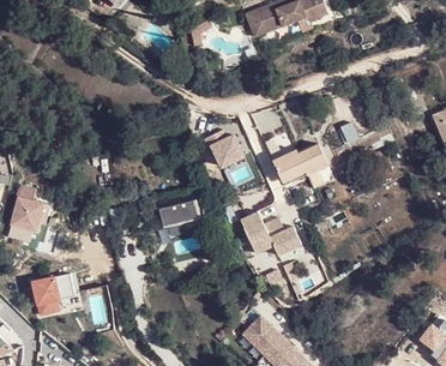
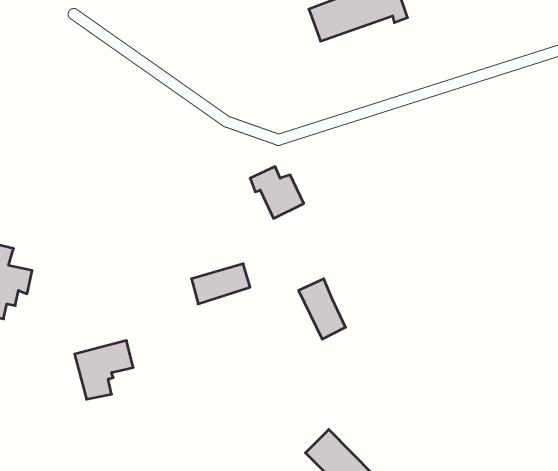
building: [270,144,324,182] -> none
building: [263,217,301,254] -> none
building: [30,271,72,313] -> [75,341,133,399]

